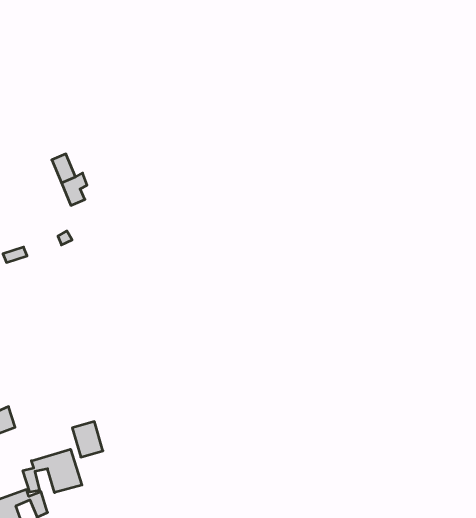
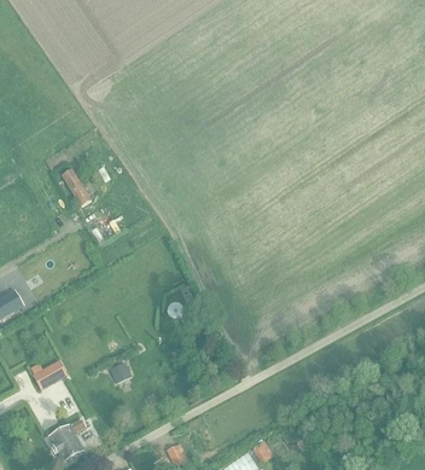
building: [23,449,82,493] -> none

